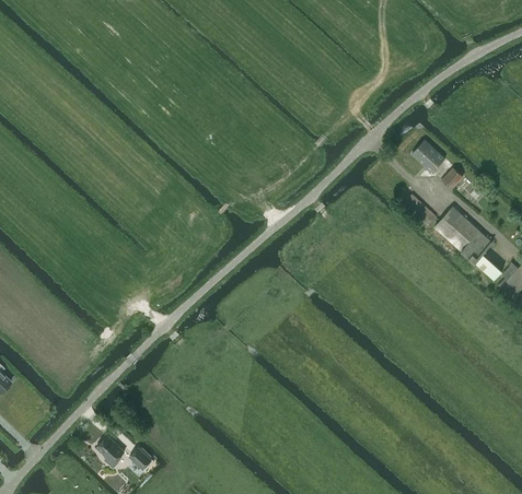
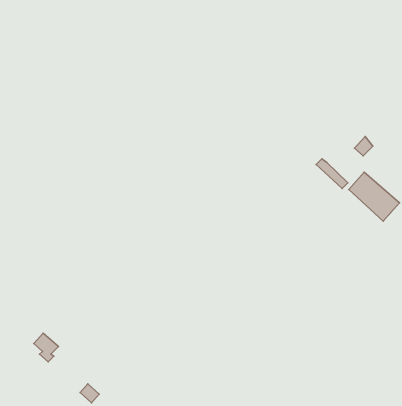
building: [411,139,445,172] -> none
building: [95,435,124,468] -> [34,333,59,362]

